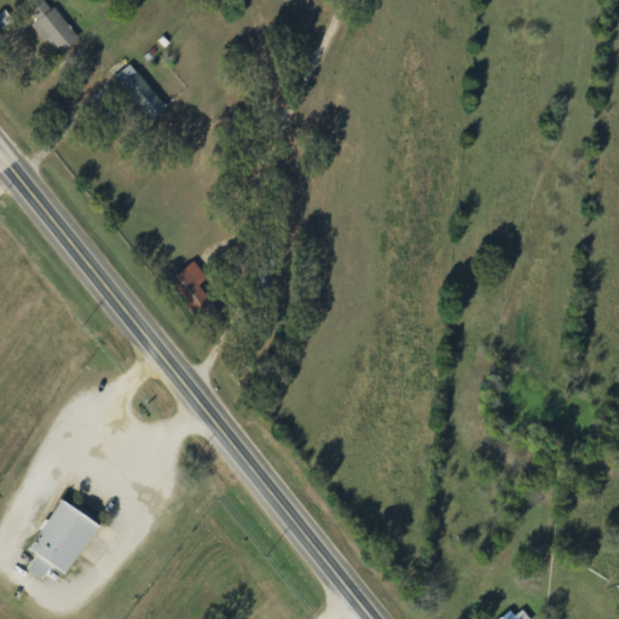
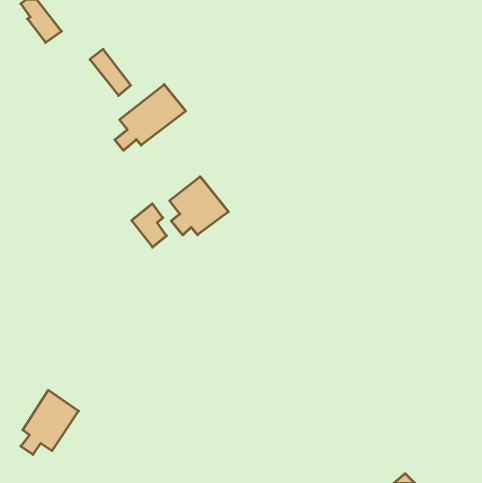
building: none -> [115,84,186,150]
building: none -> [170,177,228,235]

